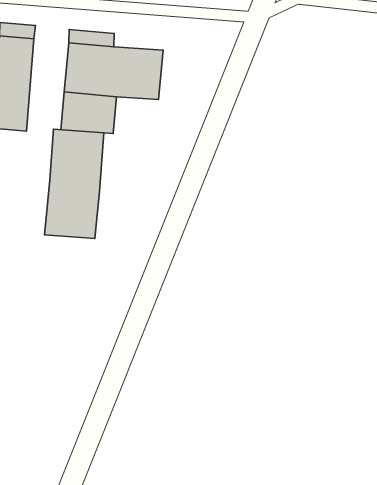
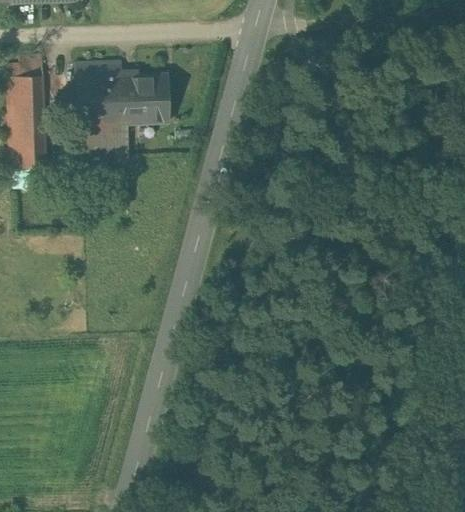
building: [45,129,104,239] -> none

